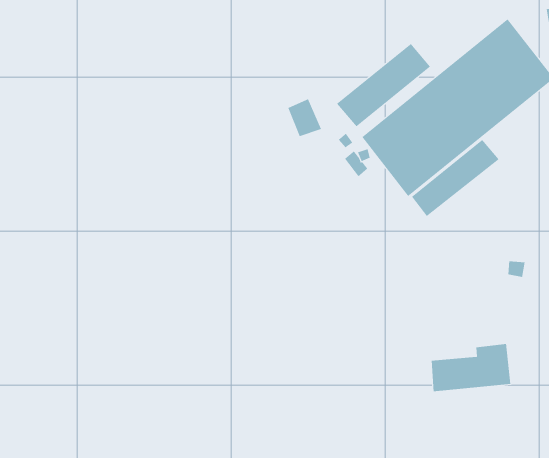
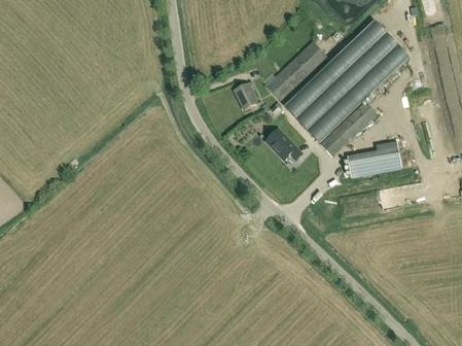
building: none -> [265,129,301,160]
building: [431,343,511,392] -> [346,140,400,176]

